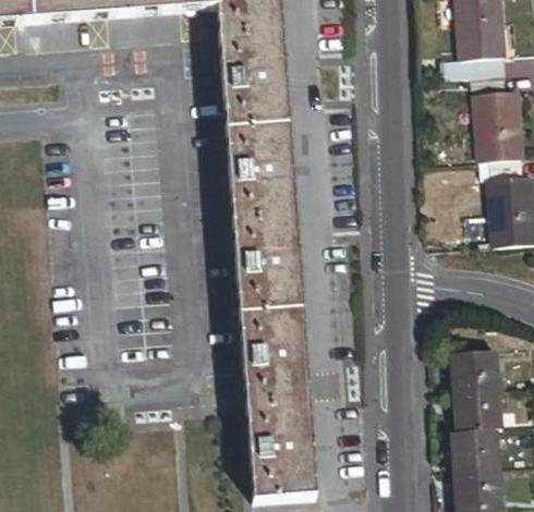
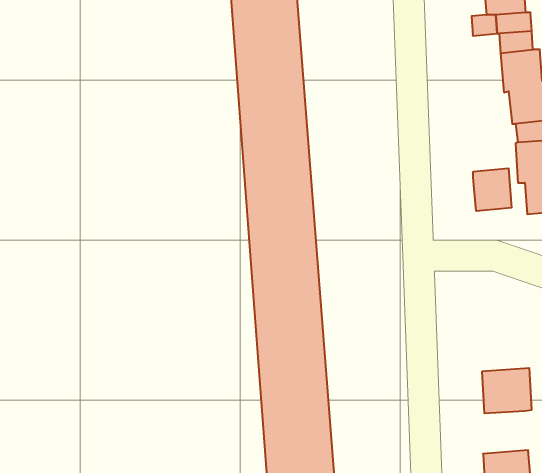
building: none -> [473,168,511,211]
building: [452,343,500,387] -> none
building: [453,424,499,464] -> none

